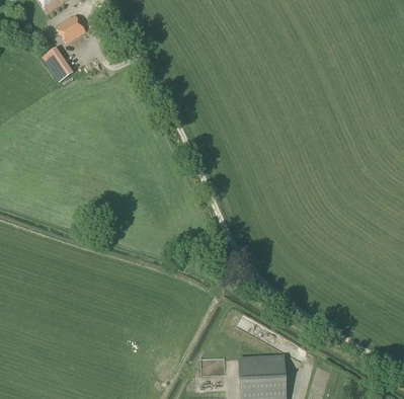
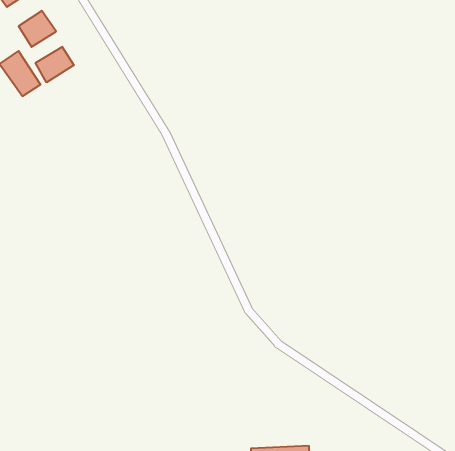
building: none -> [36,47,74,82]

